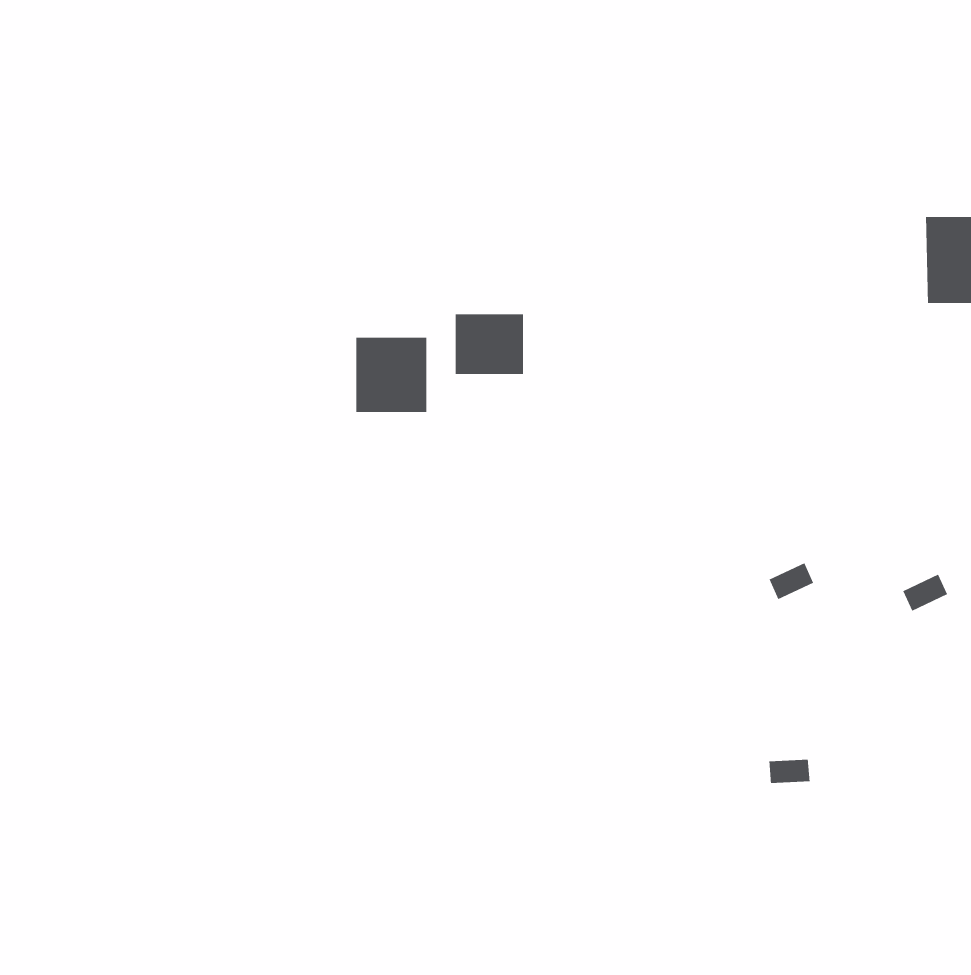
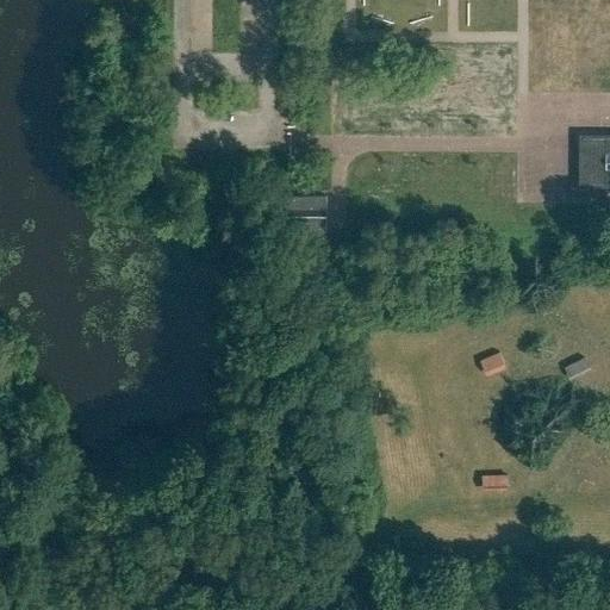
building: [356,337,427,413] -> none

